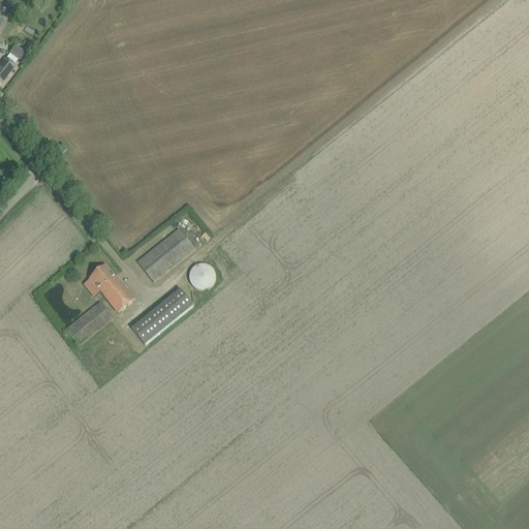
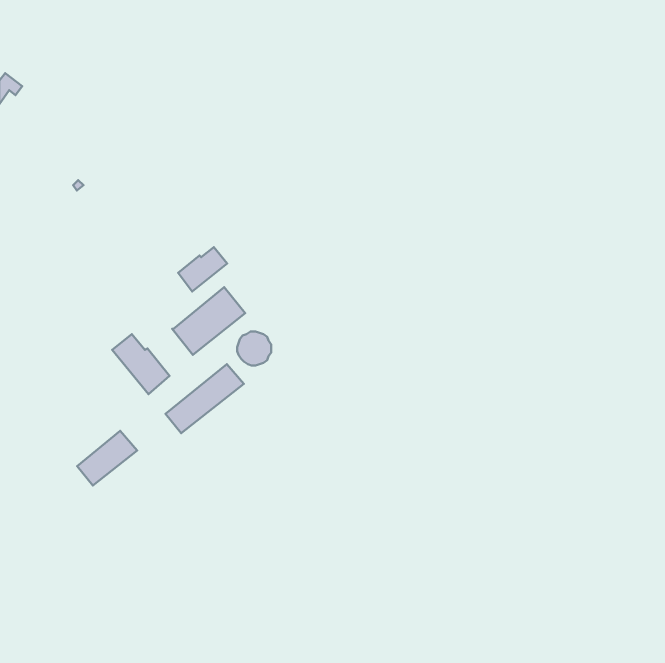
building: none -> [178,247,227,292]
building: [65,301,113,344] -> [77,431,137,486]

